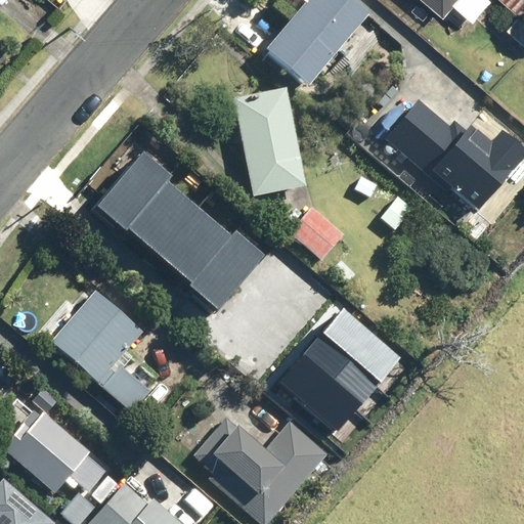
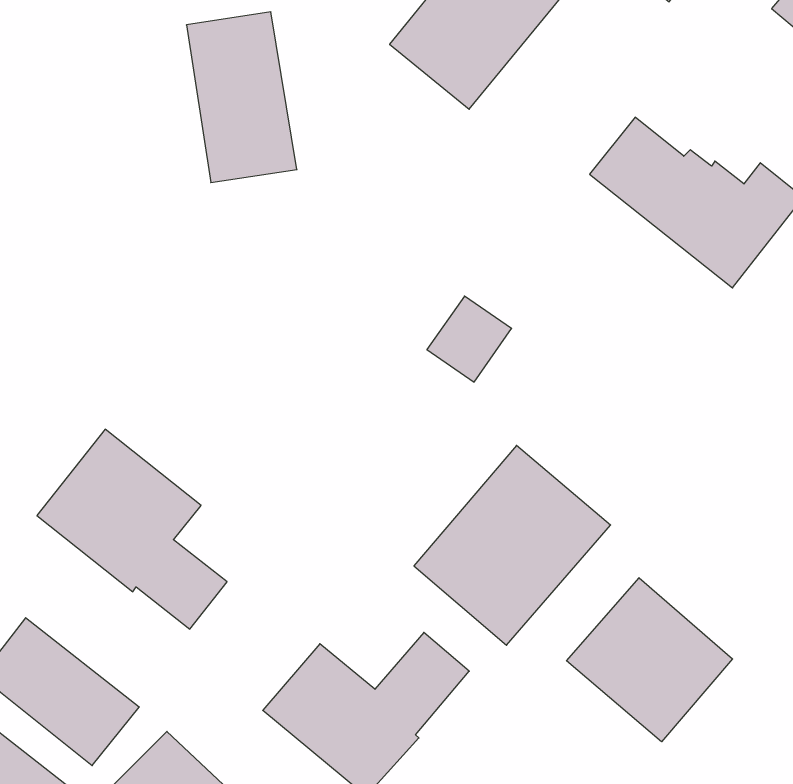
building: [228,91,298,199] -> [186,12,297,183]
building: [99,150,264,307] -> none
building: none -> [567,578,733,742]

